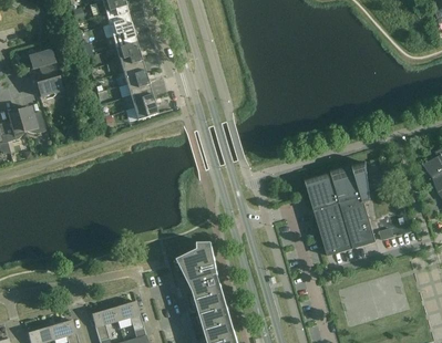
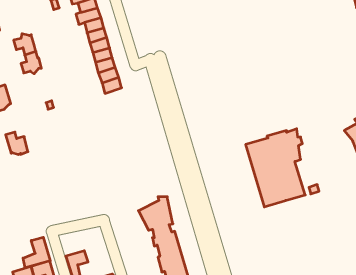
building: [19,106,45,133] -> [6,132,28,154]
building: none -> [23,237,50,268]
building: [113,300,144,330] -> none

